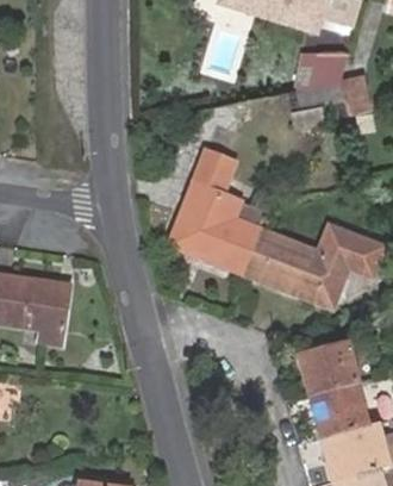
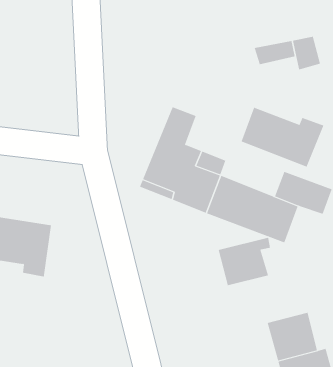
building: [294,51,347,87] -> none
building: none -> [241,107,324,168]
building: [300,341,360,395] -> [218,237,271,286]

